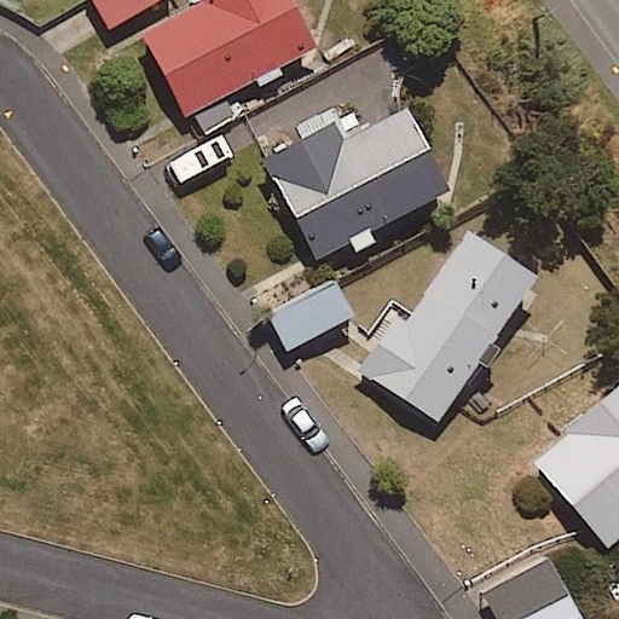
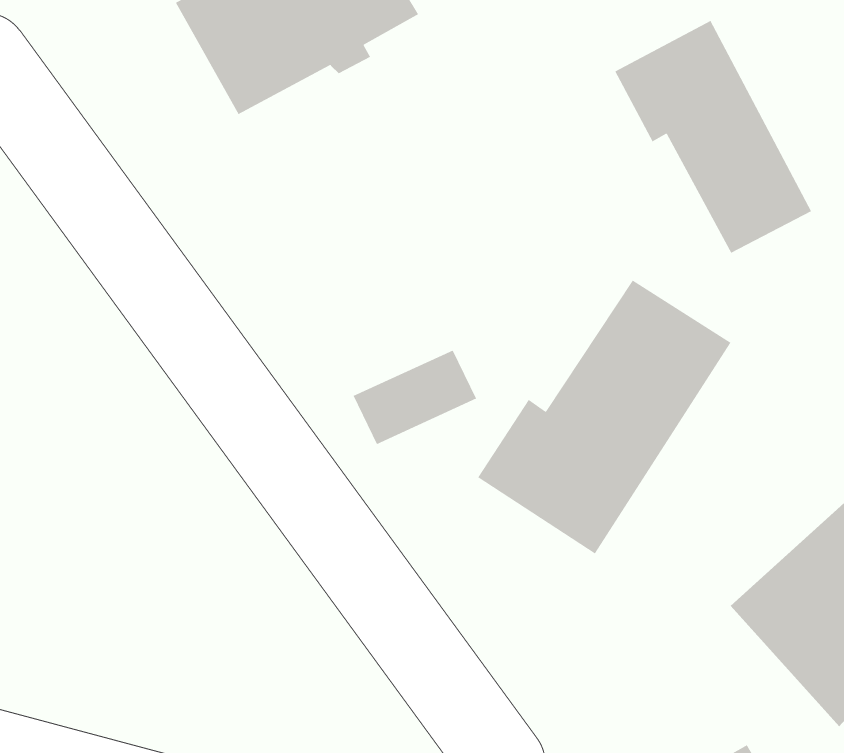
building: none -> [614,20,812,254]
building: [264,102,452,261] -> none

